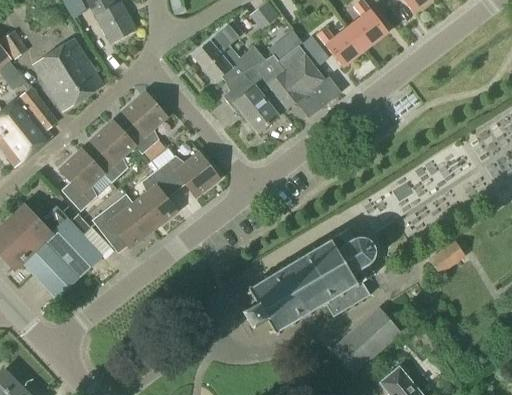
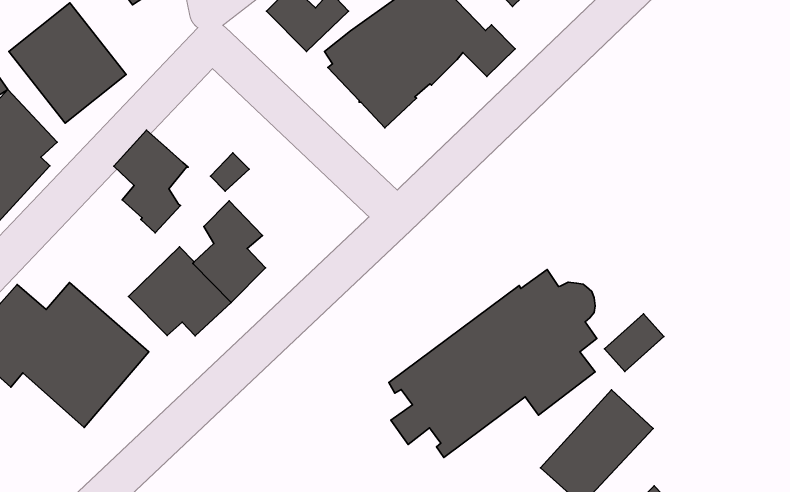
building: [122,90,167,153] -> none
building: [59,147,104,210] -> none
building: [158,151,219,196] -> none
building: [428,239,465,273] -> [604,314,664,372]

